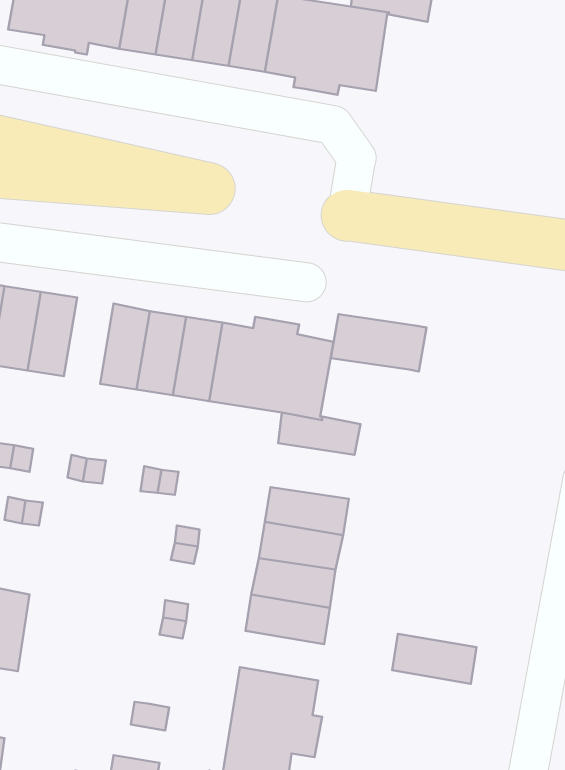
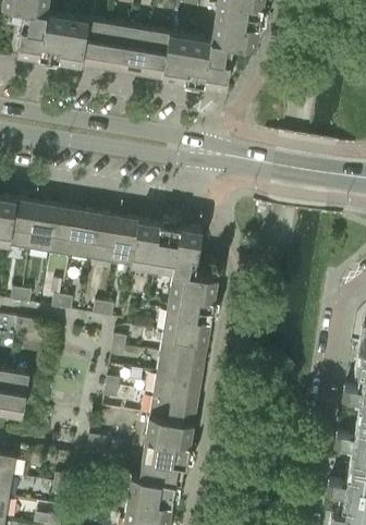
building: none -> [49,205,77,254]
building: [331,314,426,372] -> [167,288,221,320]
building: [392,634,476,684] -> [149,394,197,423]

